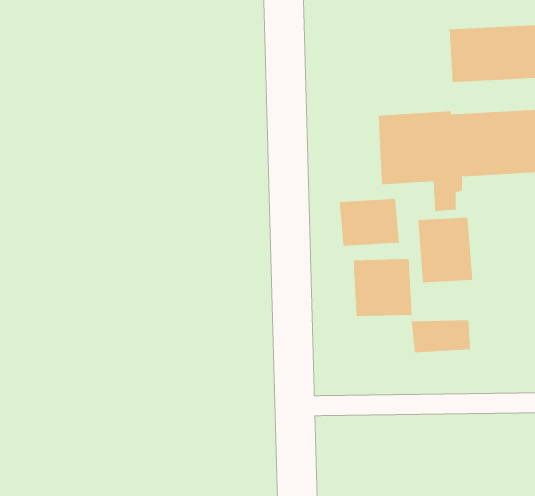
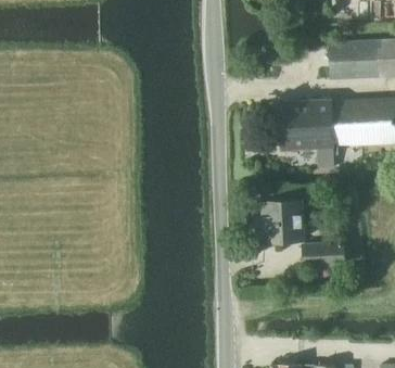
building: [339,198,400,246] -> none
building: [418,217,473,283] -> none

